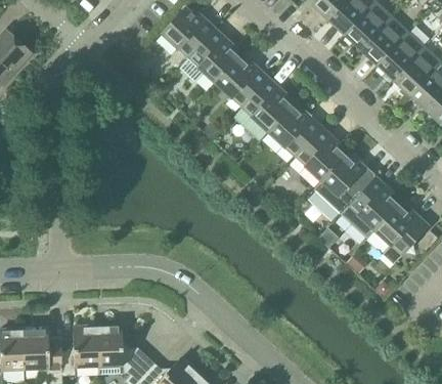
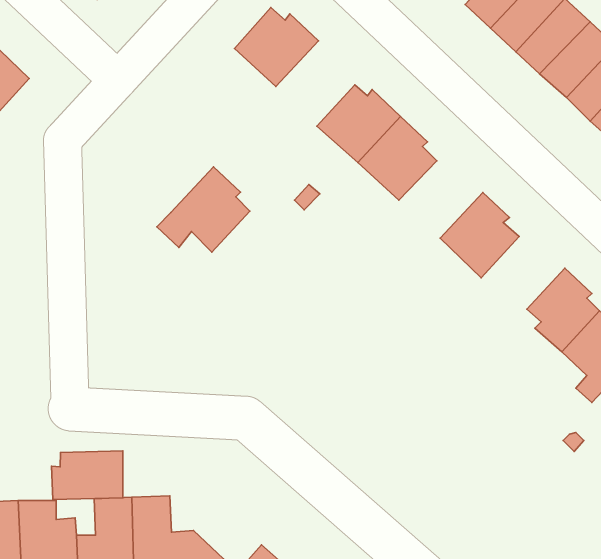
building: [180,29,240,84] -> [157,167,250,252]
building: [269,106,323,157] -> none
building: [315,156,377,214] -> none
building: none -> [51,451,123,500]

